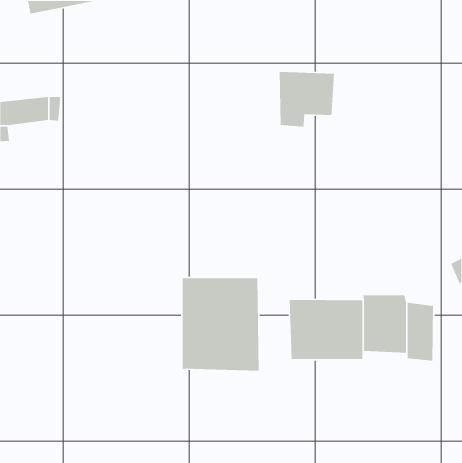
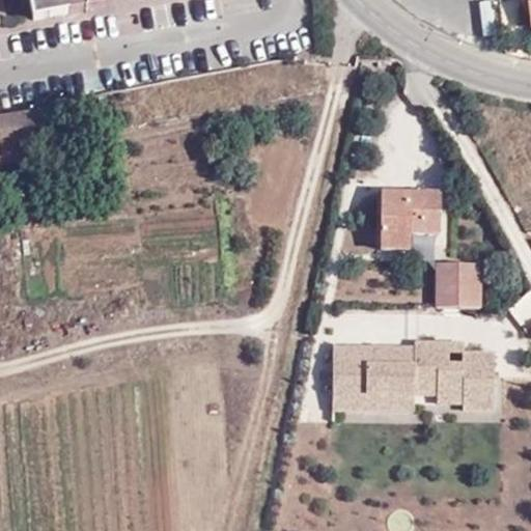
building: [279,71,335,127] -> [375,183,440,247]
building: none -> [434,262,481,309]
building: [182,278,259,371] -> none

